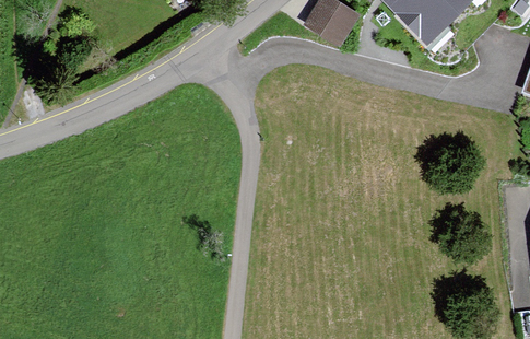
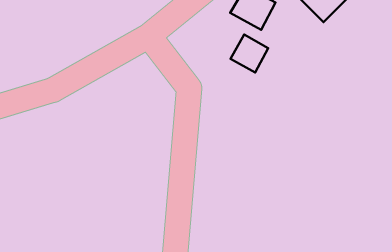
building: none -> [230,35,268,73]

